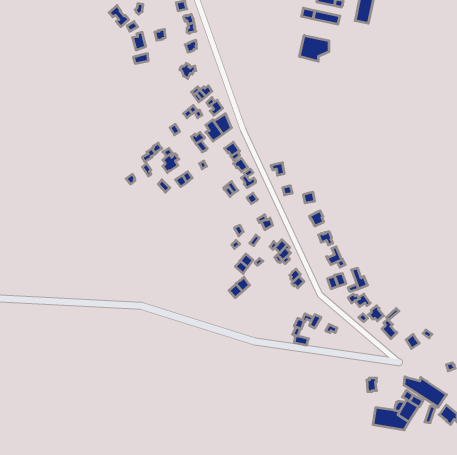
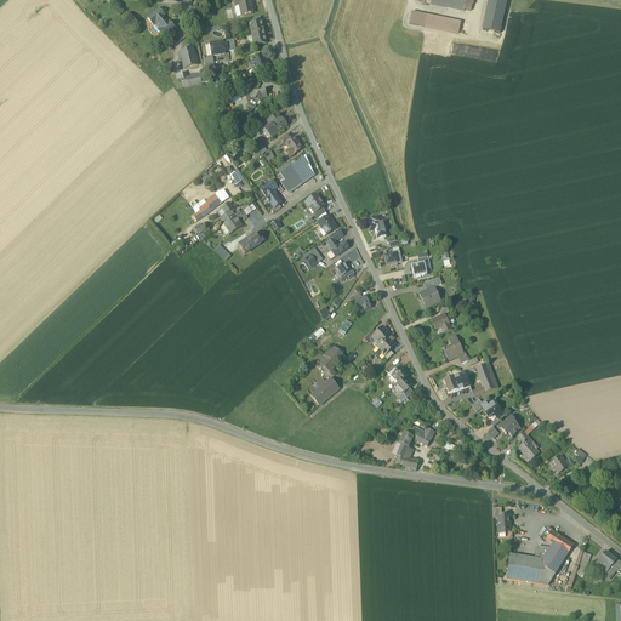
building: [300,35,329,61] -> none
building: [404,377,447,407] -> none

